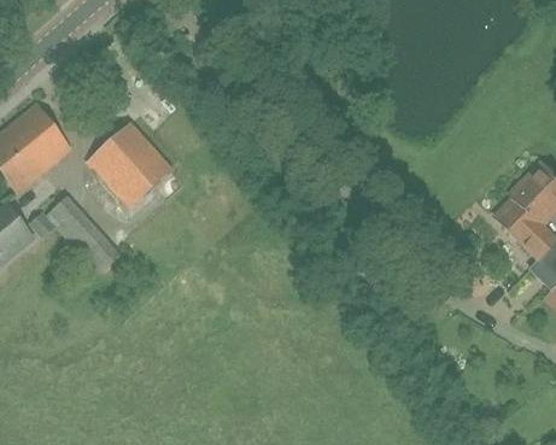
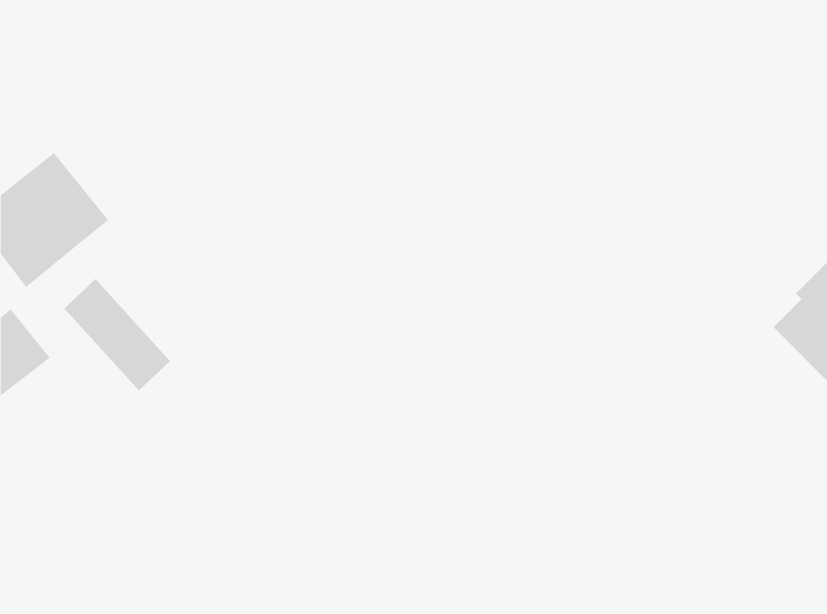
building: [88,123,172,207] -> none

